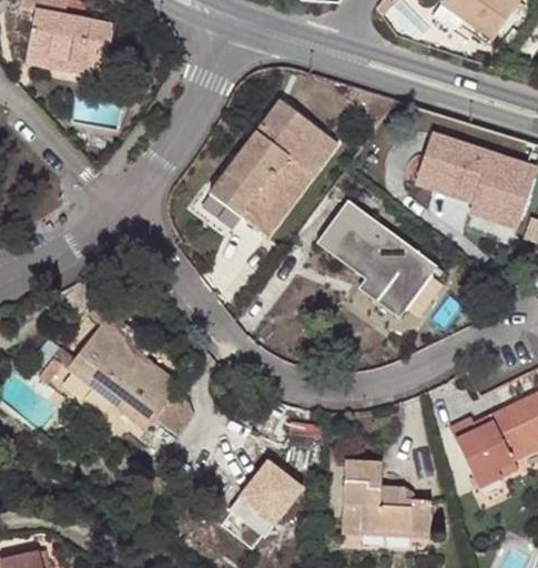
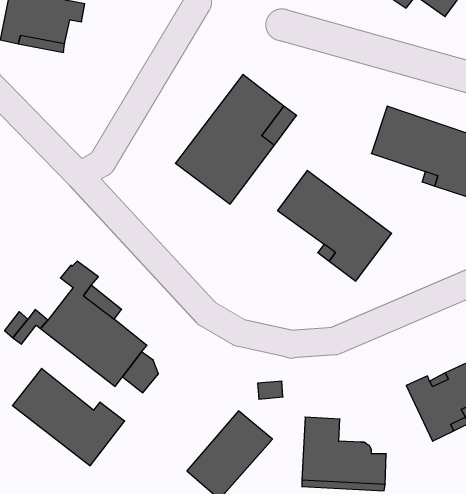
building: none -> [12,368,125,466]

